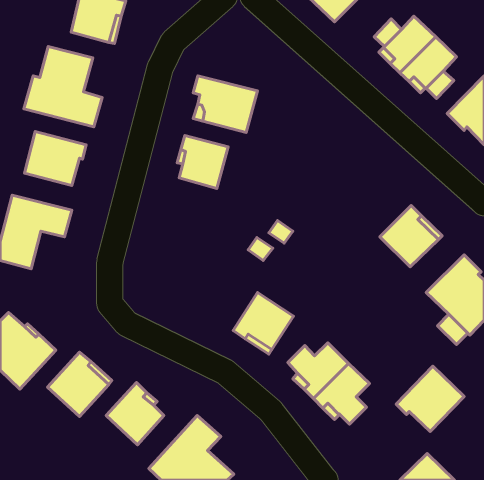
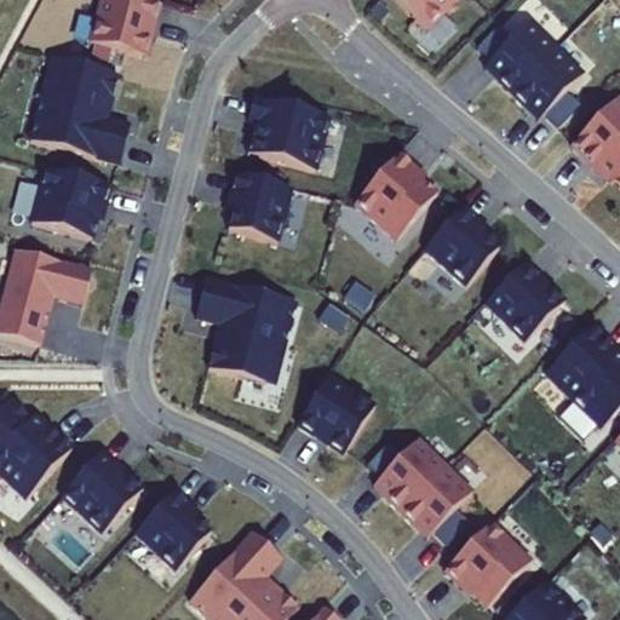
building: none -> [355,153,437,240]
building: none -> [425,206,499,286]
building: none -> [196,277,295,381]
building: [396,366,464,432] -> [444,521,532,604]

